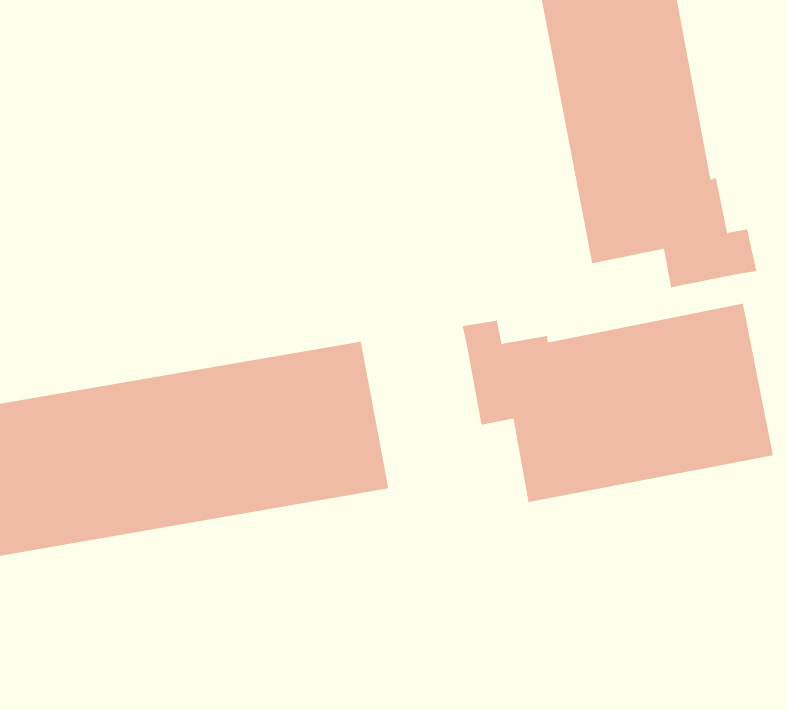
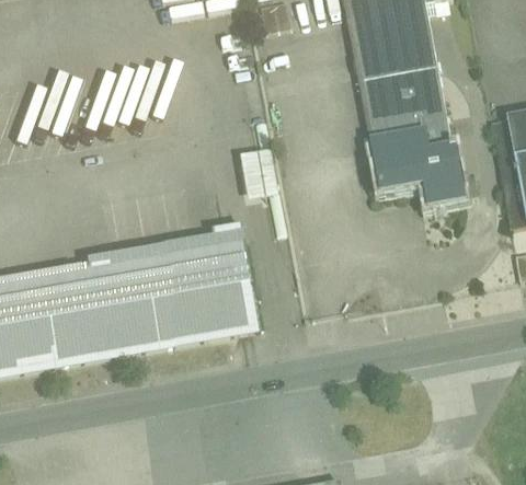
building: [462,303,773,503] -> none

